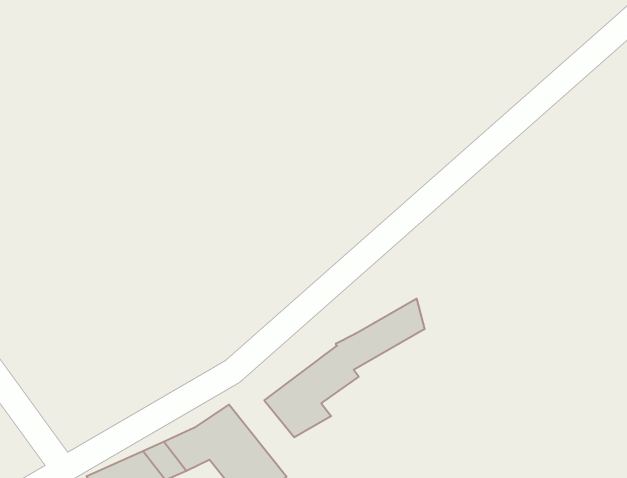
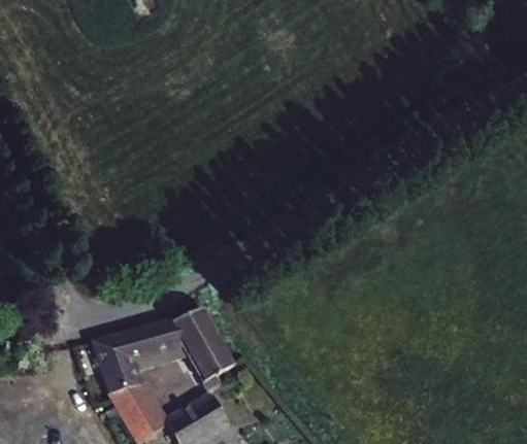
building: [264,299,425,437] -> none

